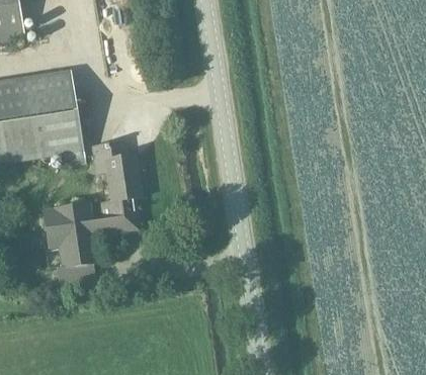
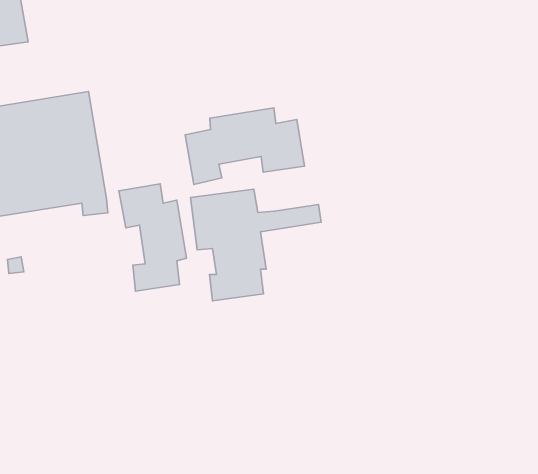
building: none -> [185,108,304,184]
building: [42,201,139,283] -> [190,189,321,301]

